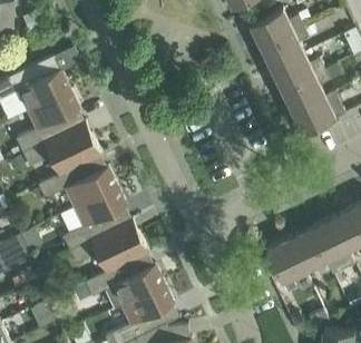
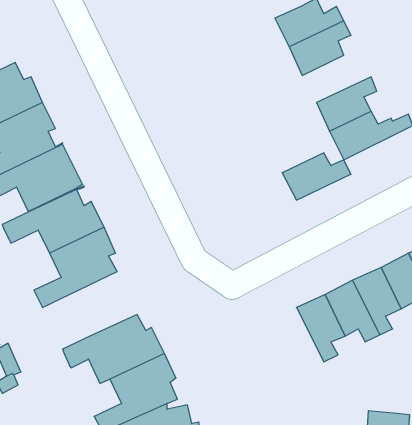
building: [271,52,324,89] -> [282,153,351,200]
building: [69,218,148,271] -> none

